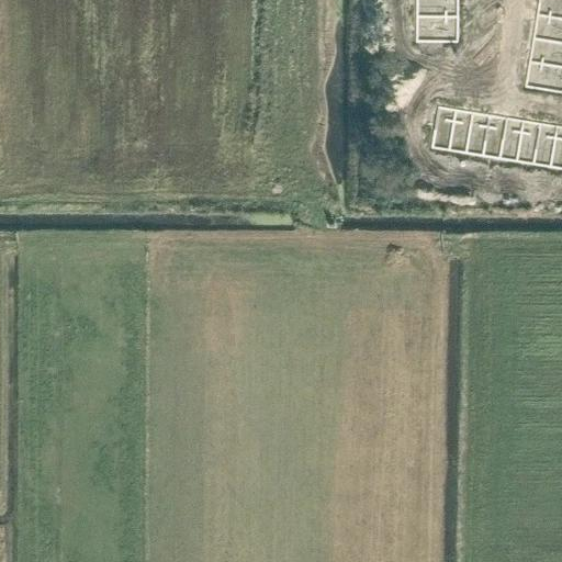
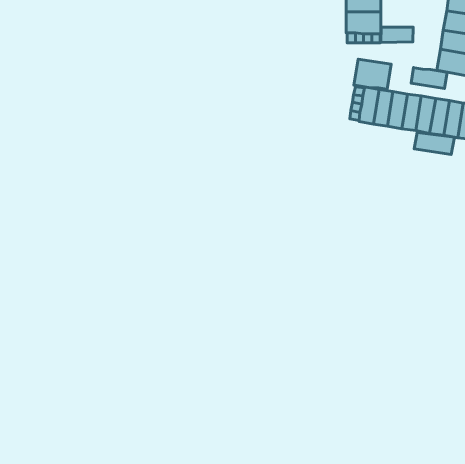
building: none -> [381,27,413,43]
building: none -> [354,59,391,89]
building: none -> [411,68,447,89]
building: none -> [414,132,454,155]

